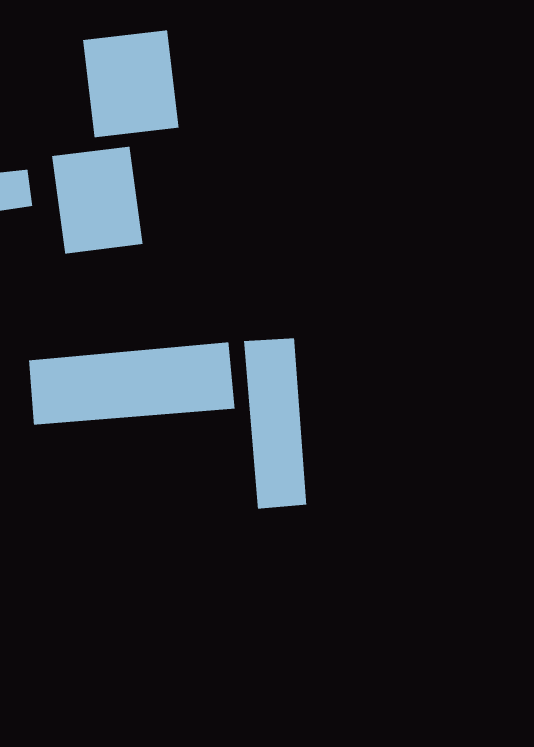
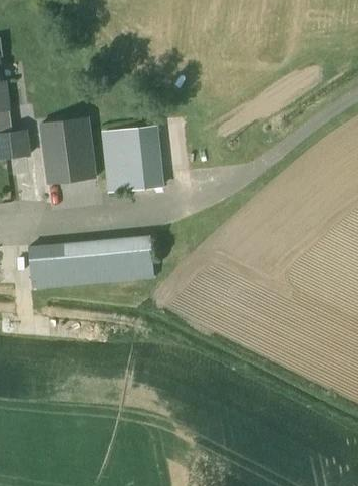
building: [82,30,179,138] -> [103,126,162,192]
building: [243,337,307,510] -> none

